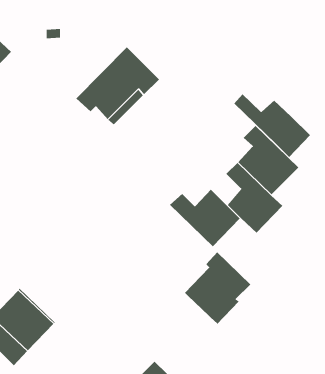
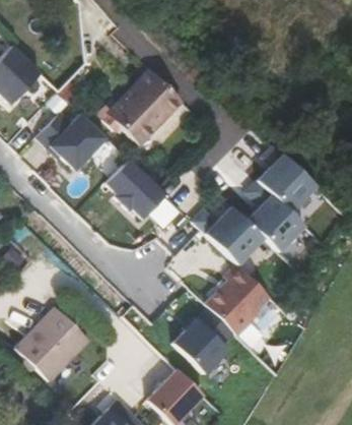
building: none -> [39,114,109,171]
building: [233,94,311,158] -> none
building: none -> [108,161,166,220]
building: none -> [175,309,236,374]

